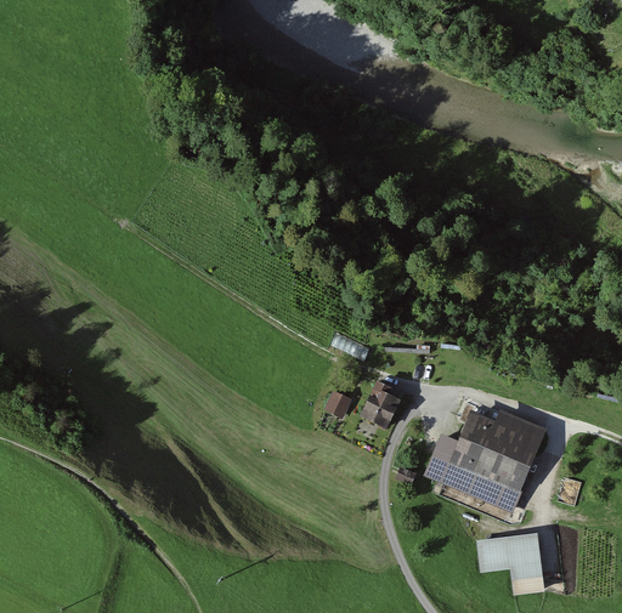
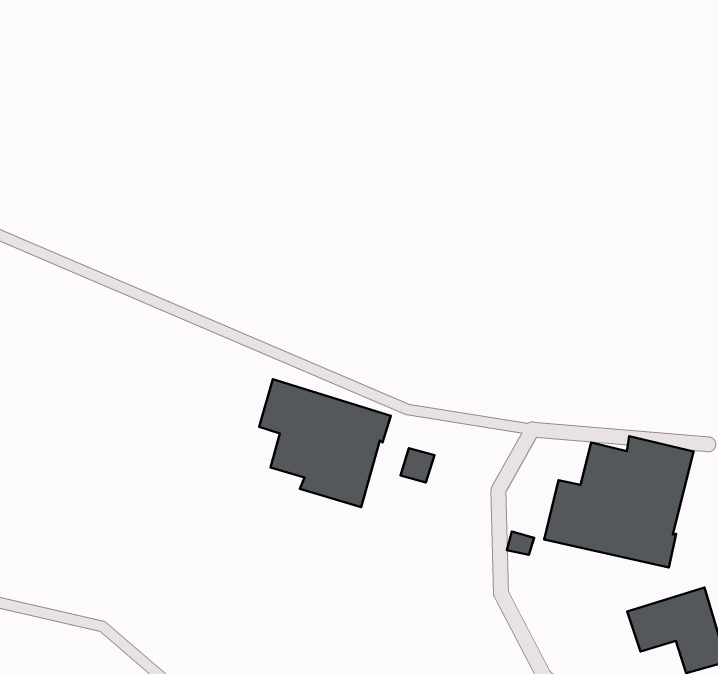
building: none -> [259,379,391,507]
building: [360,378,401,427] -> none

